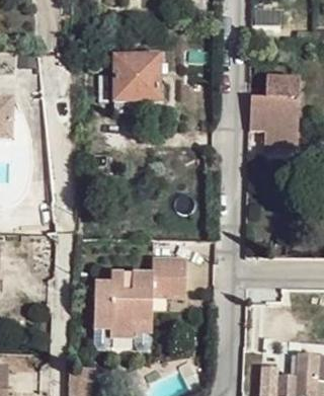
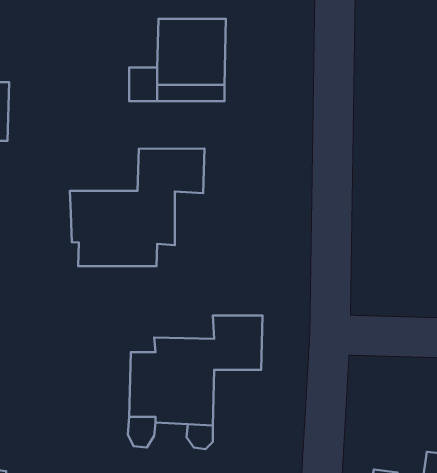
building: [250,74,300,146] -> none
building: none -> [70,149,205,266]

